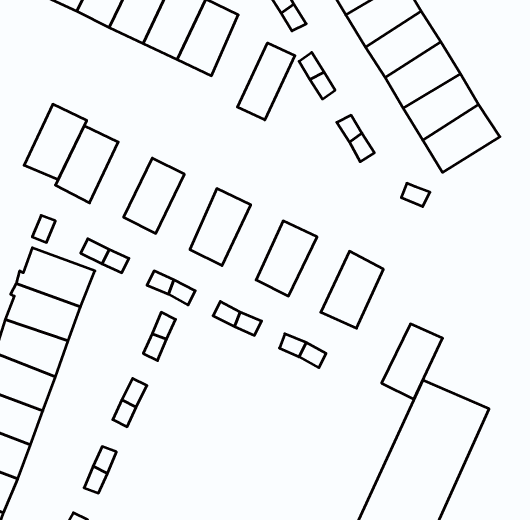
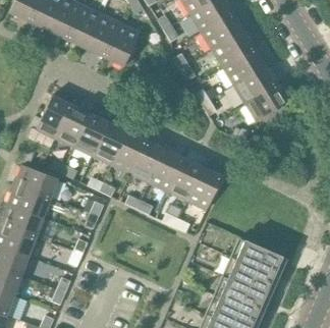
building: [237,43,295,120] -> none
building: [24,104,87,180] -> [55,104,91,147]
building: none -> [93,122,127,165]
building: none -> [130,140,165,182]
building: [382,324,443,399] -> [168,158,203,201]

